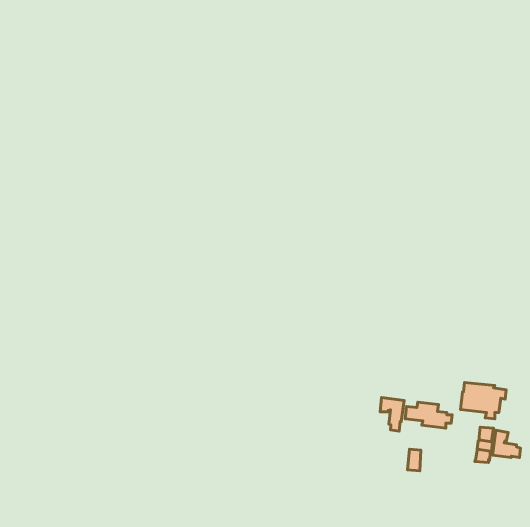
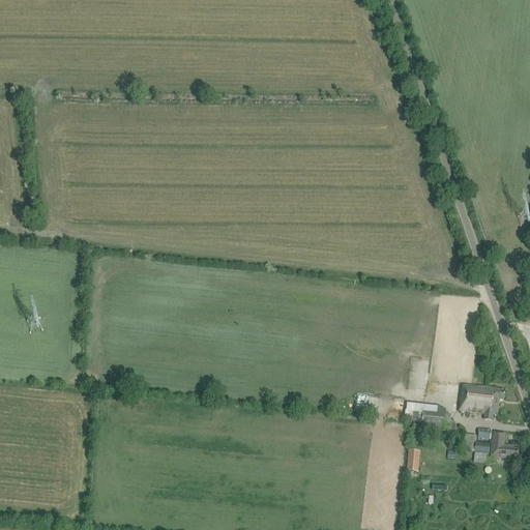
building: [380,397,404,431] -> none

